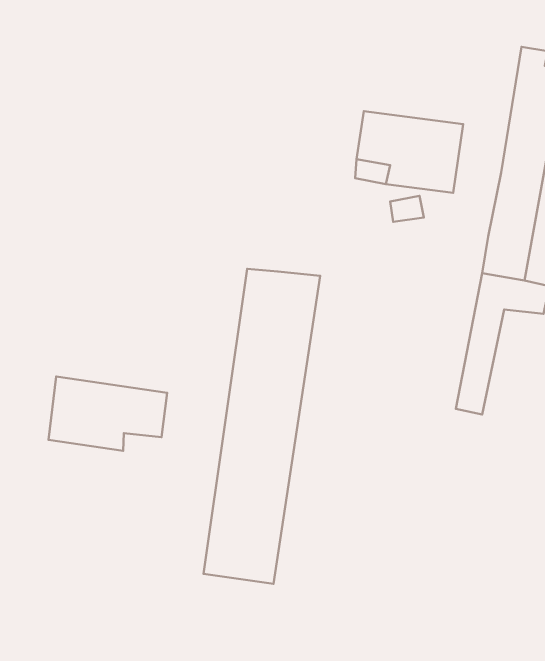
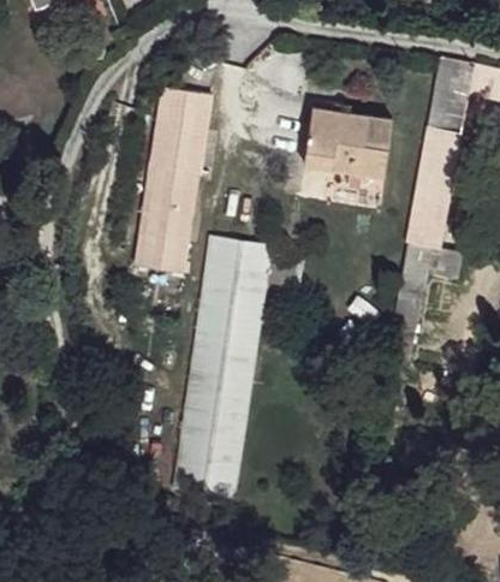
building: none -> [136,85,208,273]
building: [48,377,167,451] -> none

